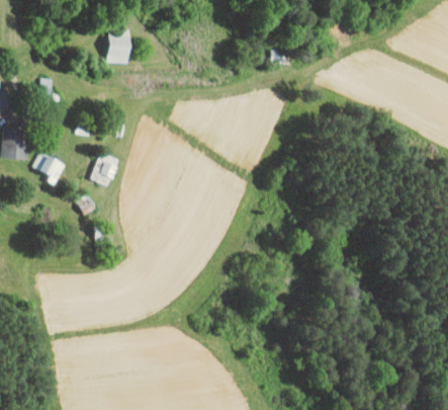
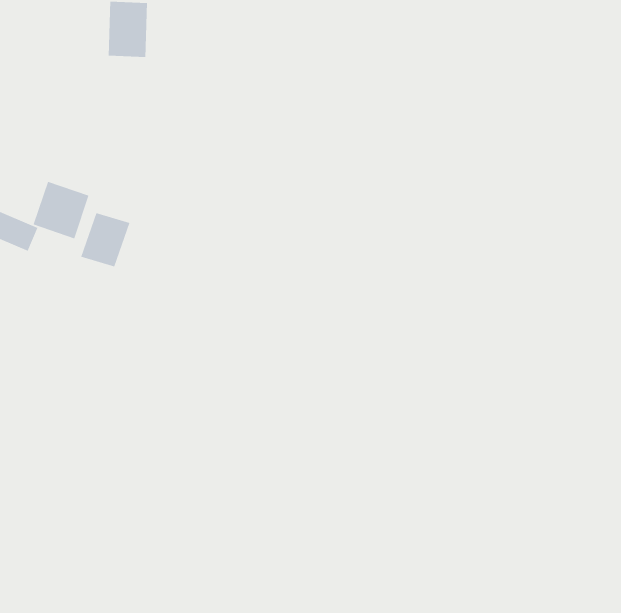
building: none -> [33,181,90,240]

